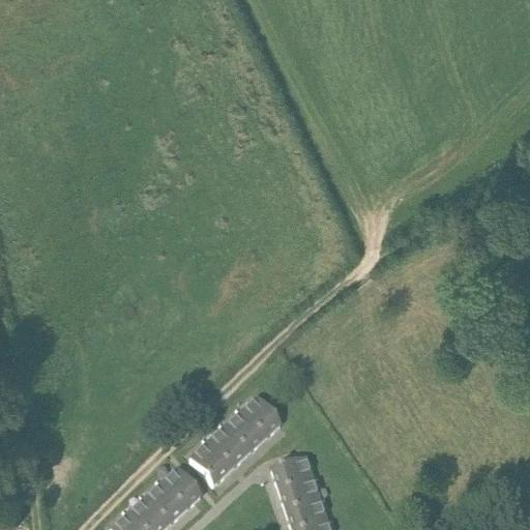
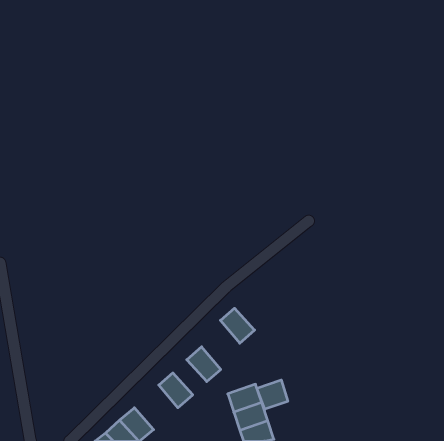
building: [241,396,282,438] -> [220,308,255,343]
building: [207,426,247,468] -> none
building: none -> [257,380,288,409]
building: [161,468,202,509] -> none

